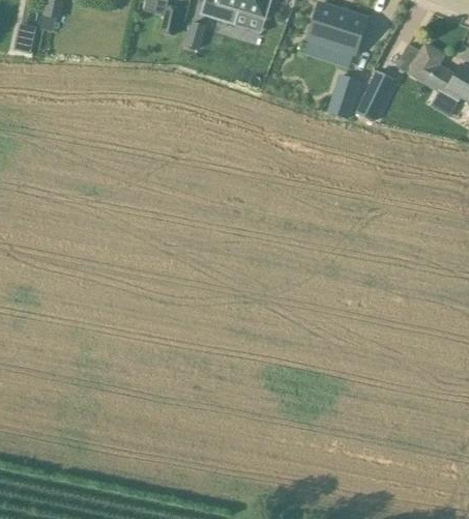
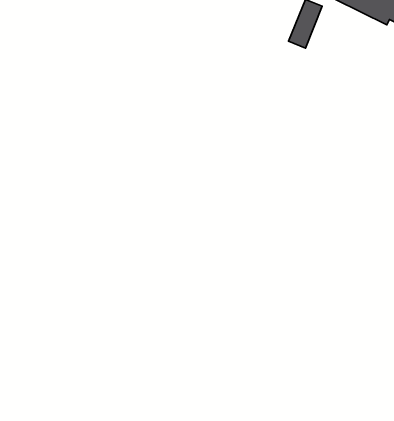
building: [330,77,361,119] -> none

